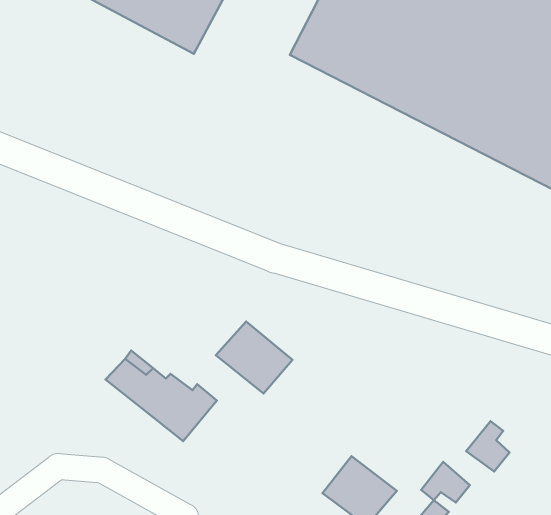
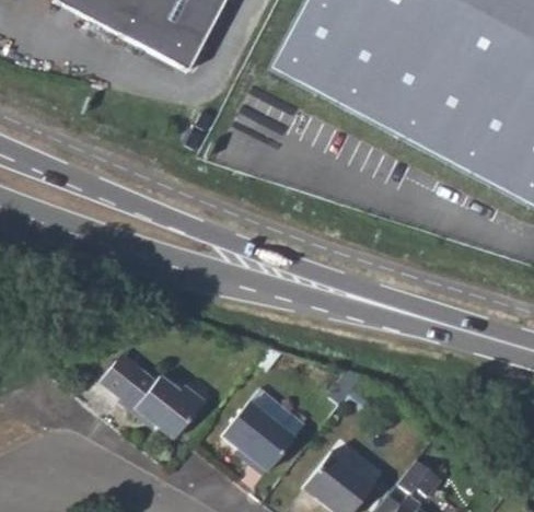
building: [216,322,293,393] -> [224,399,297,467]
building: [466,421,509,472] -> none

